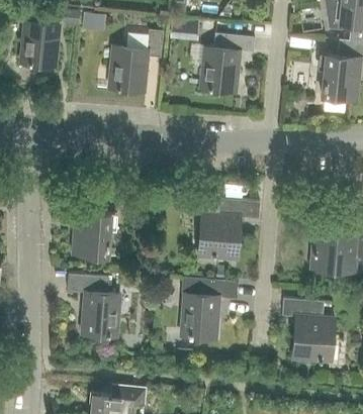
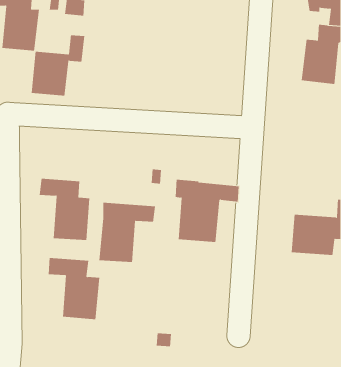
building: [109,32,164,94] -> [31,35,85,96]
building: [201,35,255,94] -> none
building: [181,280,239,340] -> [98,202,156,262]
building: [282,301,335,363] -> none

